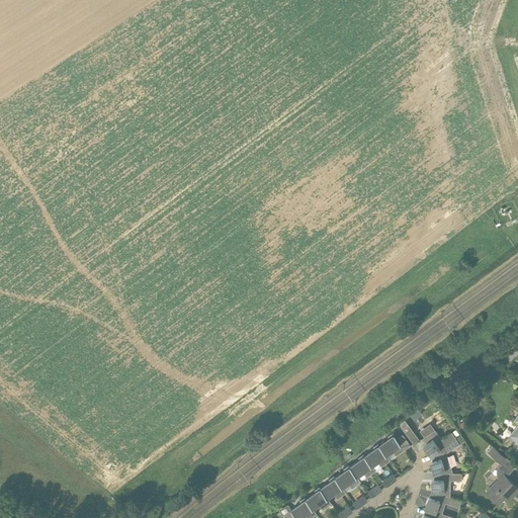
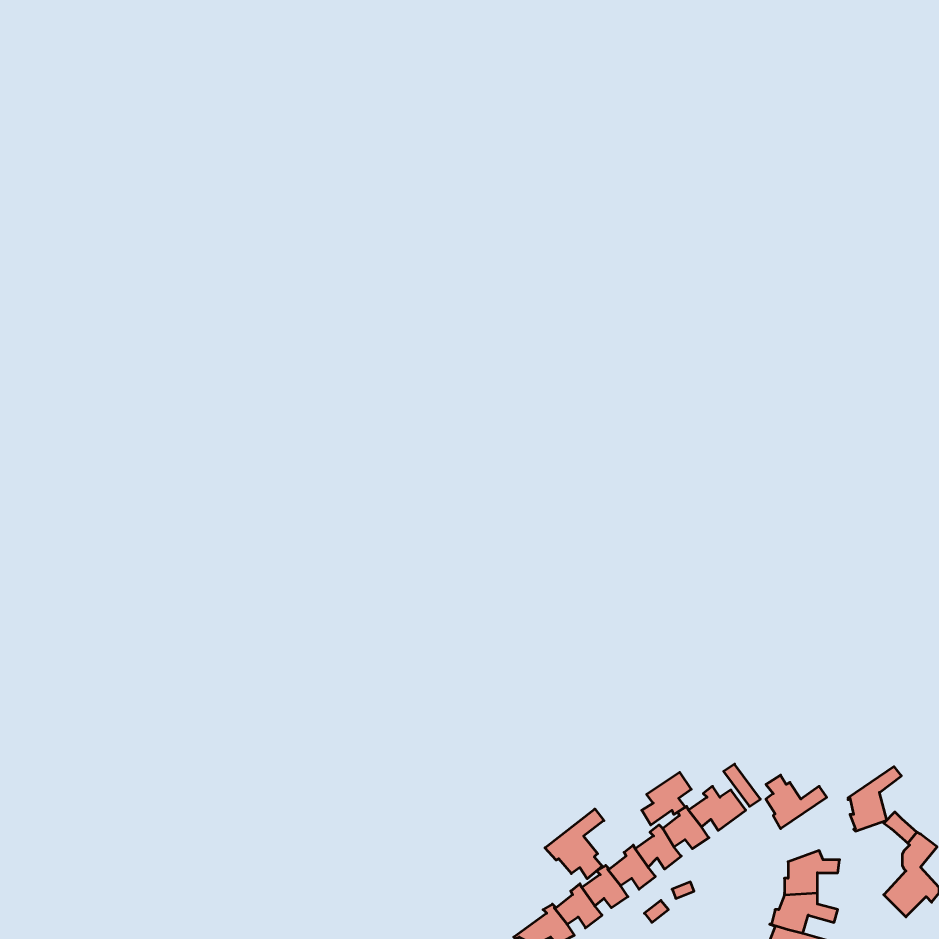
building: none -> [642,772,691,825]
building: [429,439,458,474] -> [848,767,901,831]
building: none -> [545,809,604,879]

